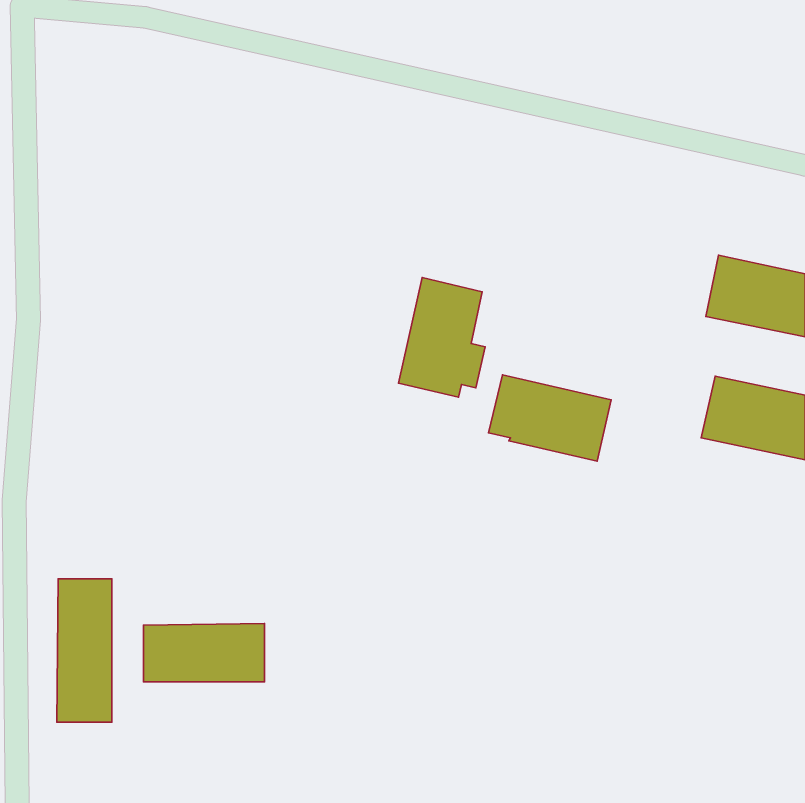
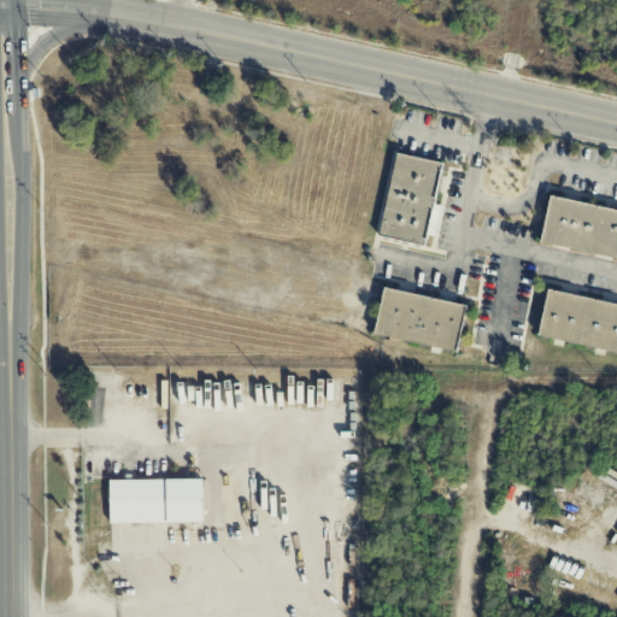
building: [399,278,485,397] -> [378,153,445,245]
building: [57,579,112,722] -> none

